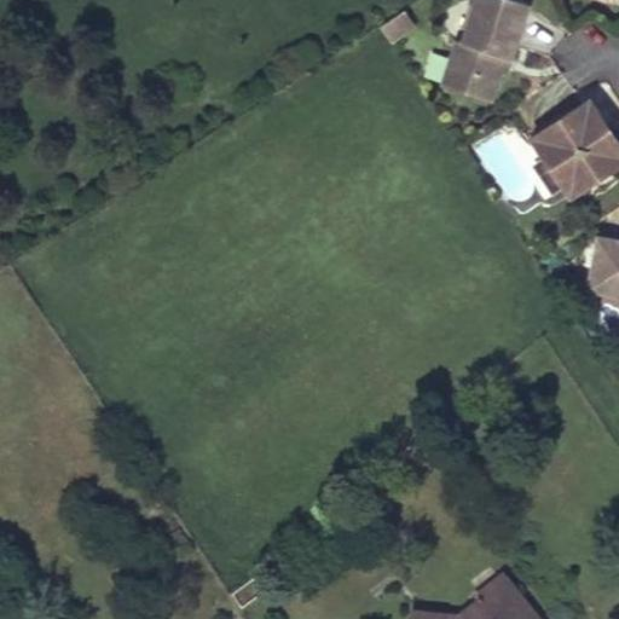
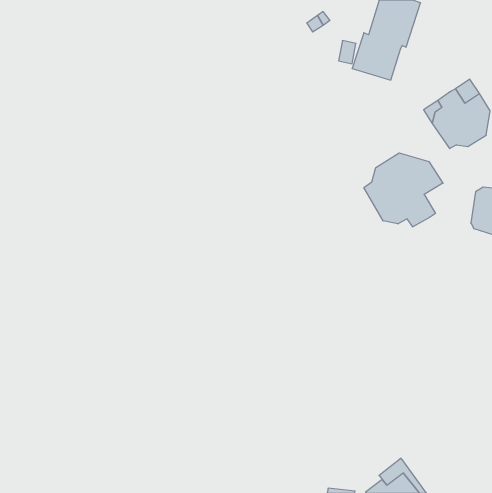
building: none -> [364,153,443,227]

